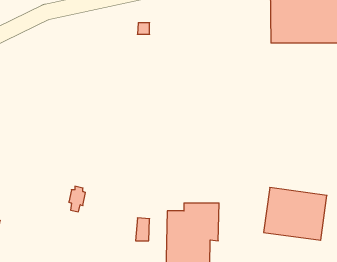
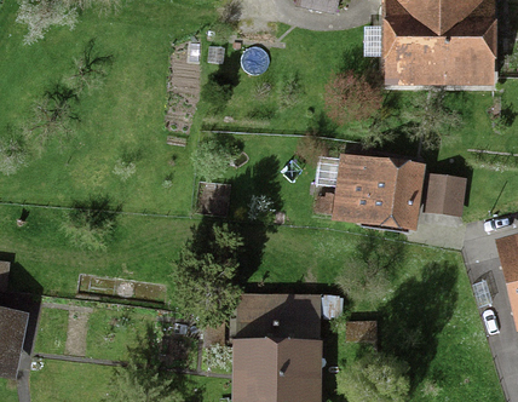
building: none -> [427,176,465,214]
building: [264,188,327,240] -> [336,156,424,229]

